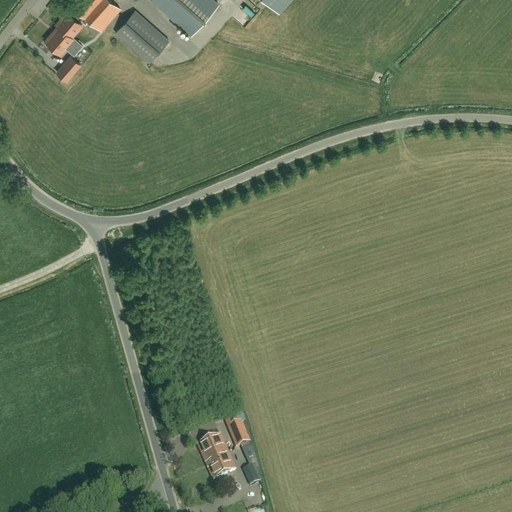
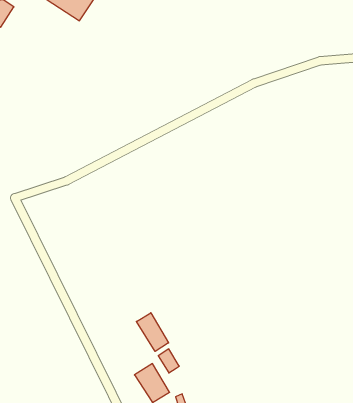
building: [116,11,169,62] -> none
building: none -> [136,313,169,351]

